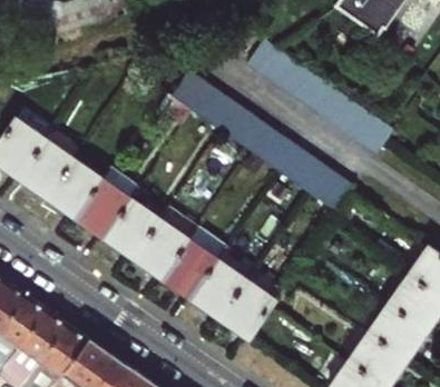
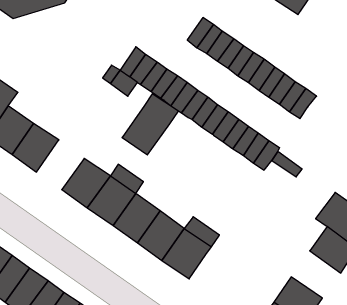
building: [76,165,140,235] -> [122,94,179,155]
building: [368,305,424,359] -> none

